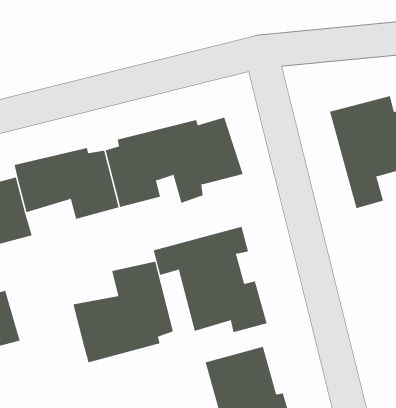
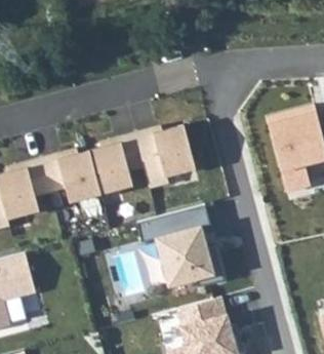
building: [73,261,174,363] -> none

